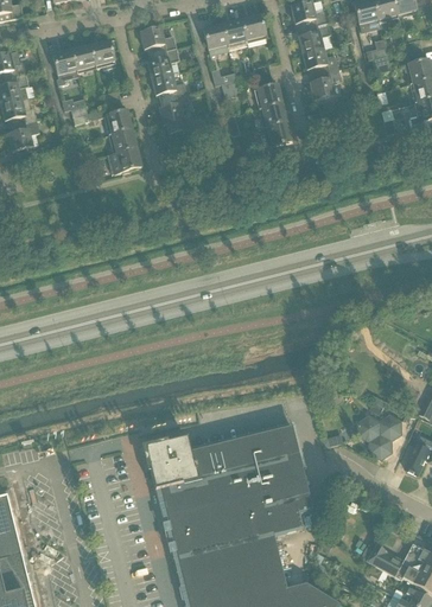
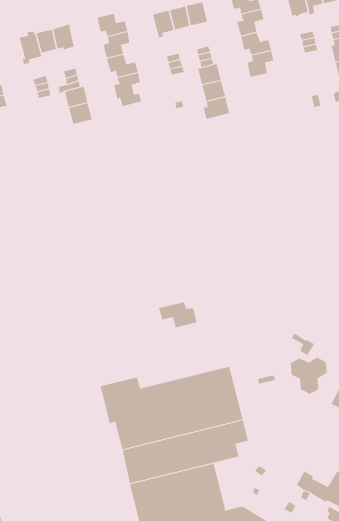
building: [107,148,141,174] -> none
building: none -> [158,301,197,328]

